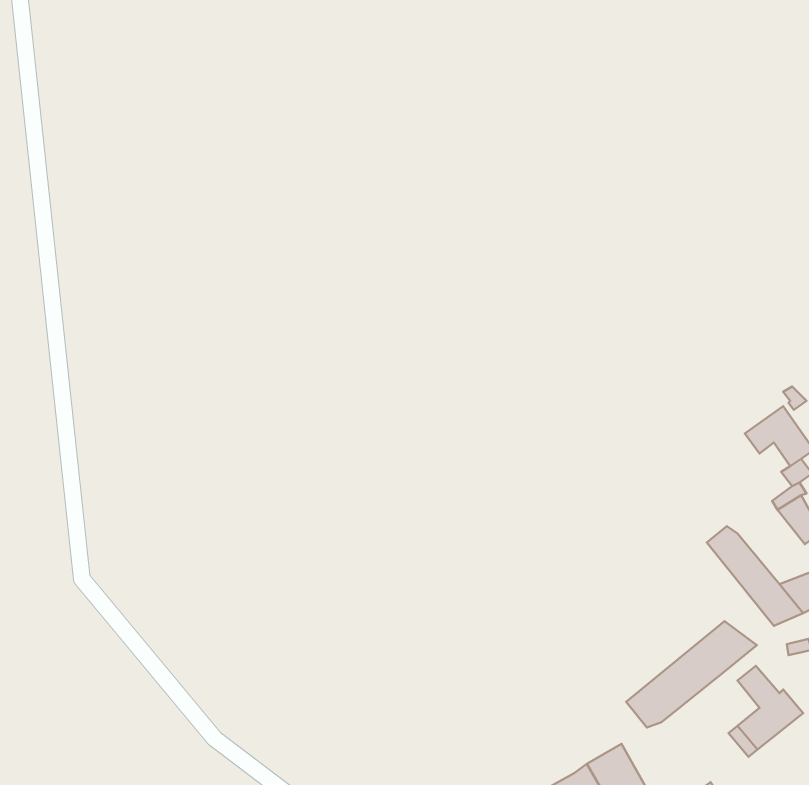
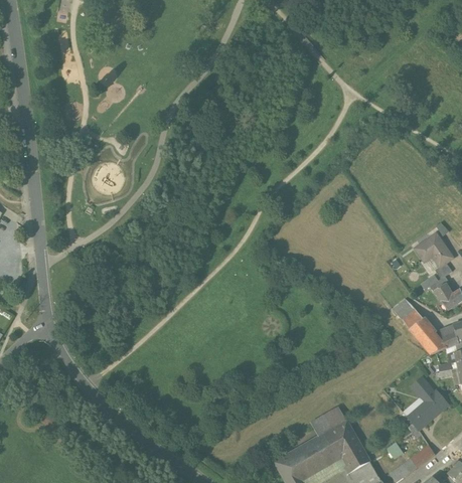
building: [626,621,757,728] -> none
building: none -> [312,408,346,437]

